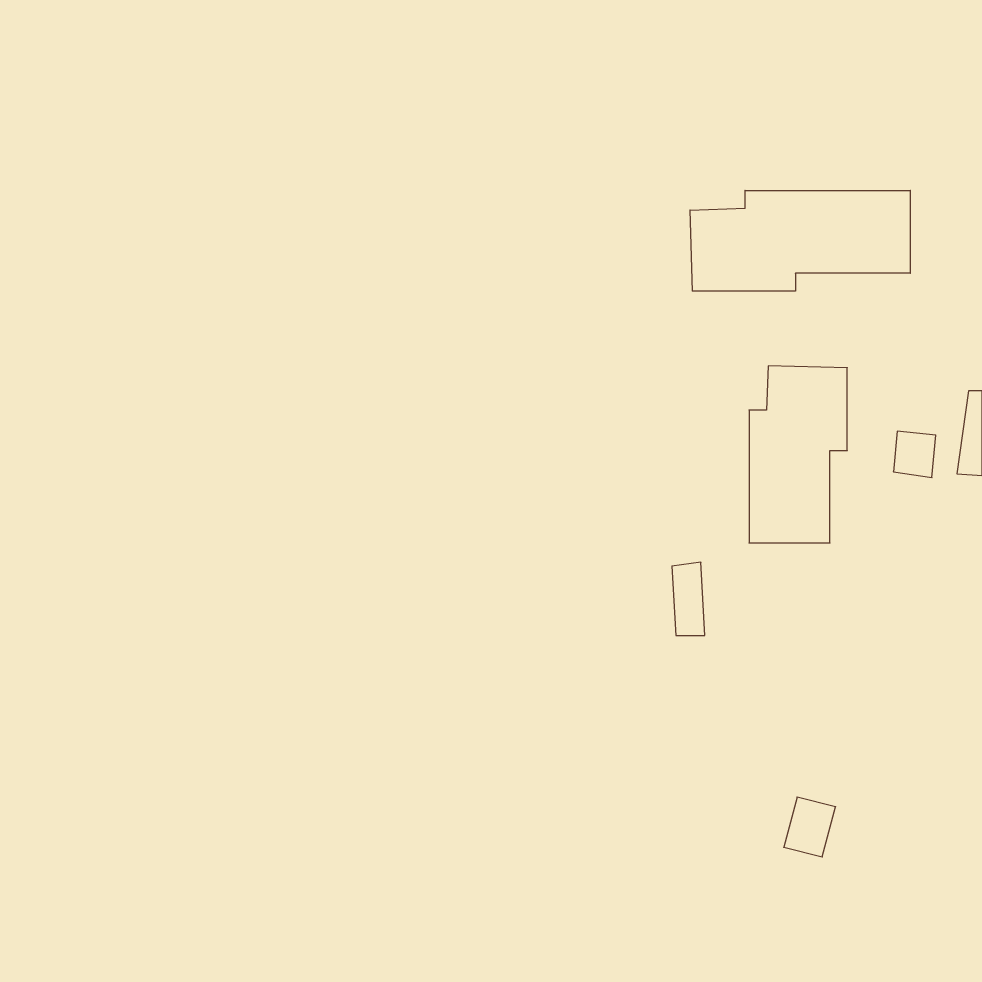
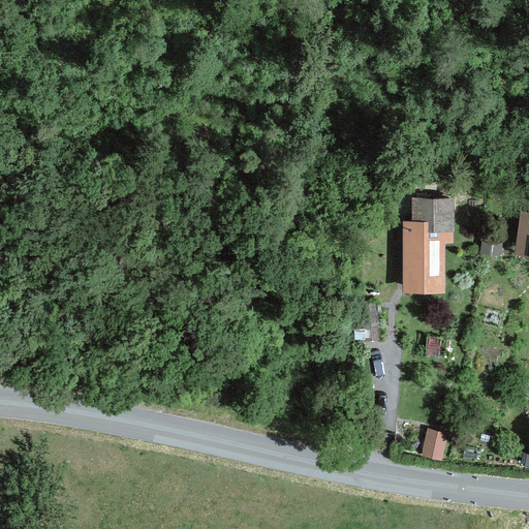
building: [690,190,910,291] -> none

